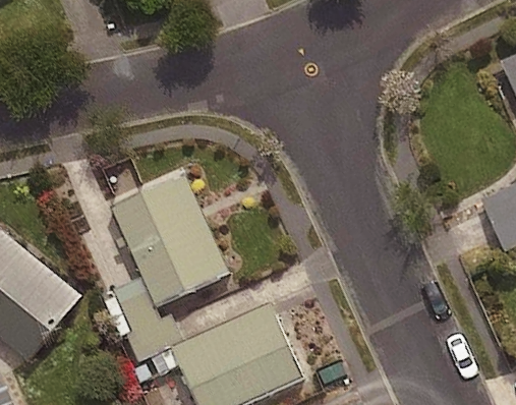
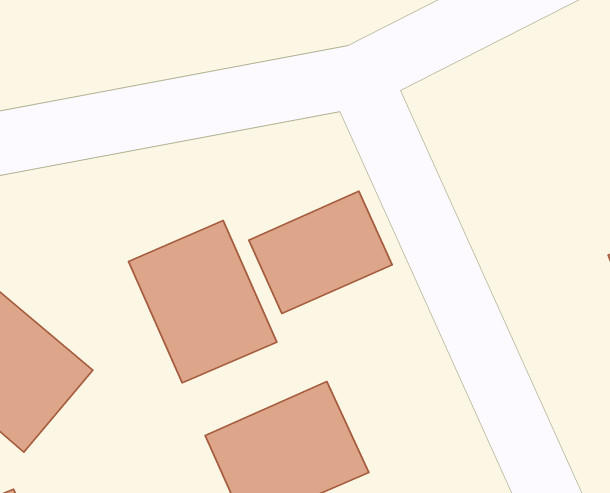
building: none -> [249,191,392,313]

